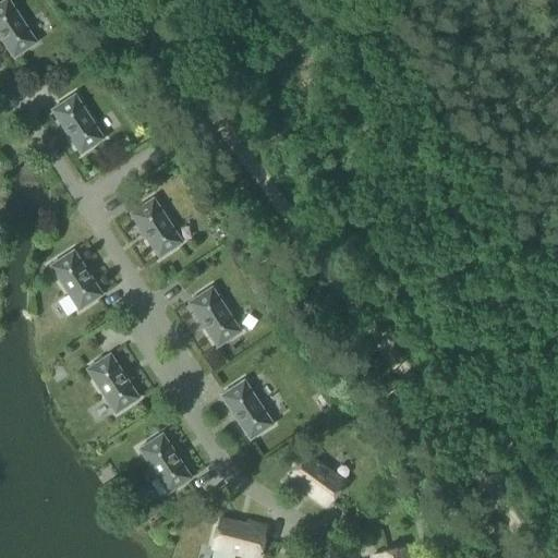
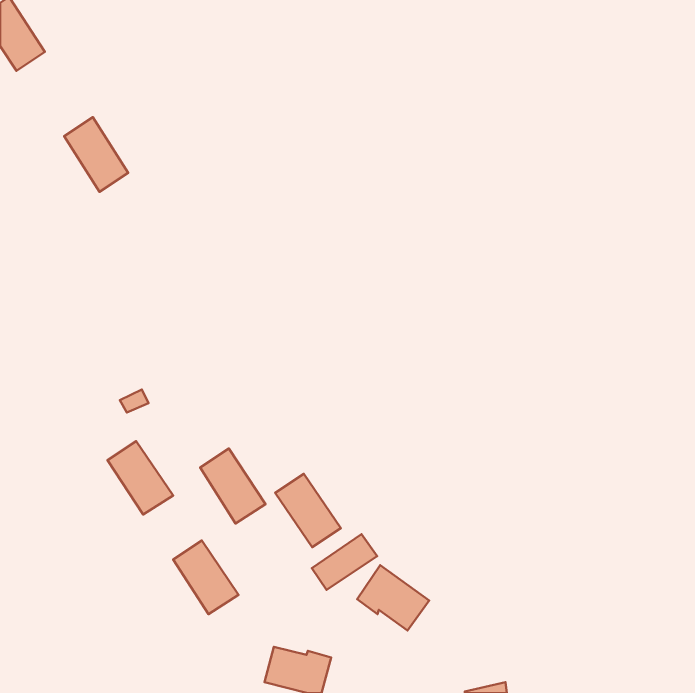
building: [131,197,182,256] -> none
building: [50,250,102,308] -> none
building: [189,286,241,345] -> [200,448,266,523]
building: none -> [312,534,377,590]

